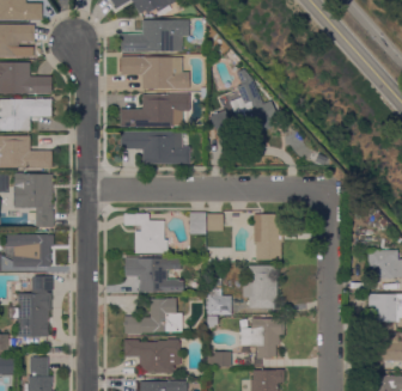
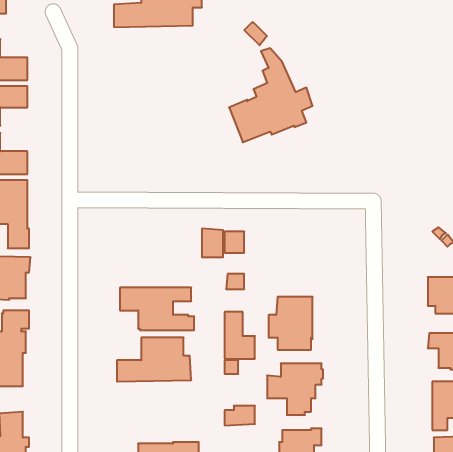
building: [120,56,189,88] -> none
building: [120,94,190,127] -> none
building: [120,132,190,164] -> none
building: [123,213,168,253] -> none
building: [254,214,284,259] -> none
building: [123,340,179,373] -> none

